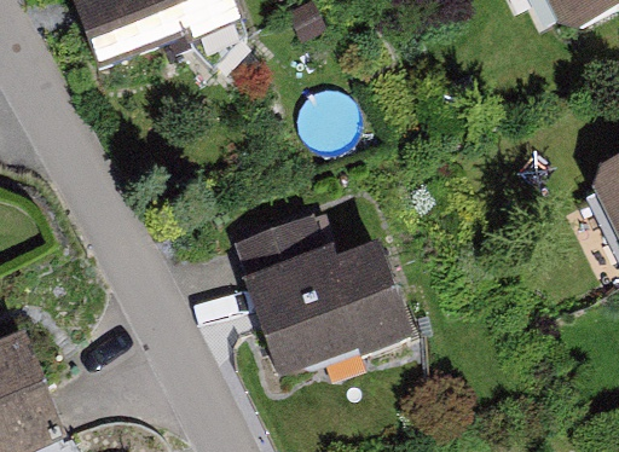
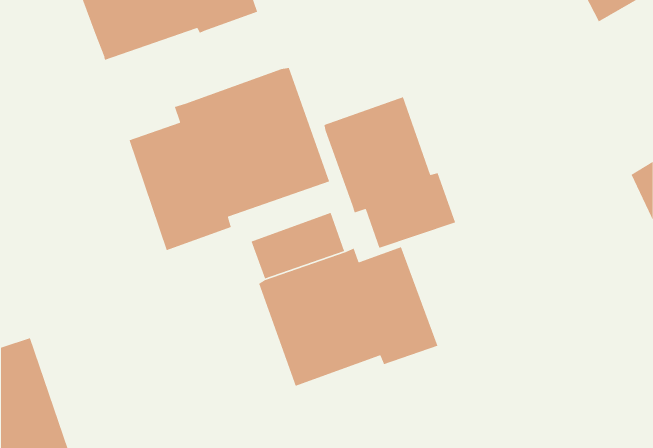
building: none -> [128,67,330,251]
building: none -> [324,96,456,249]

